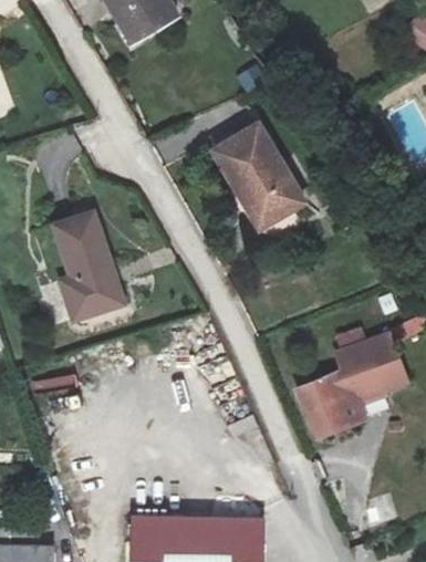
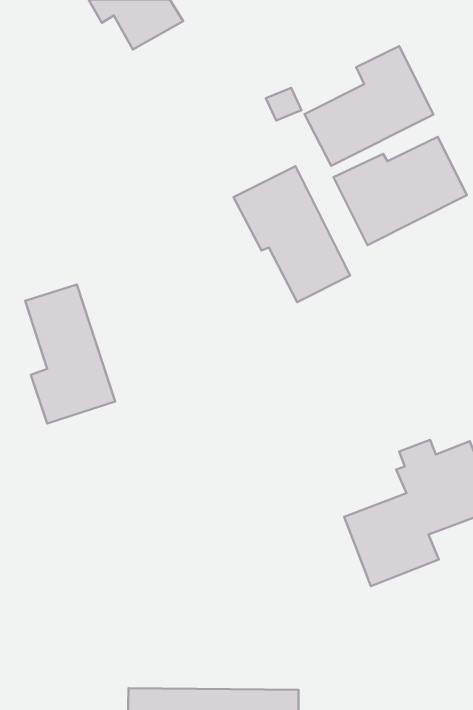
building: none -> [305,46,434,166]
building: none -> [333,137,467,245]

